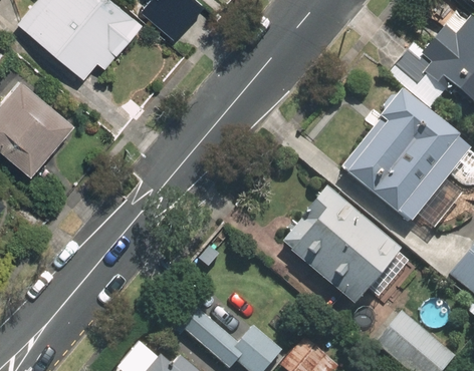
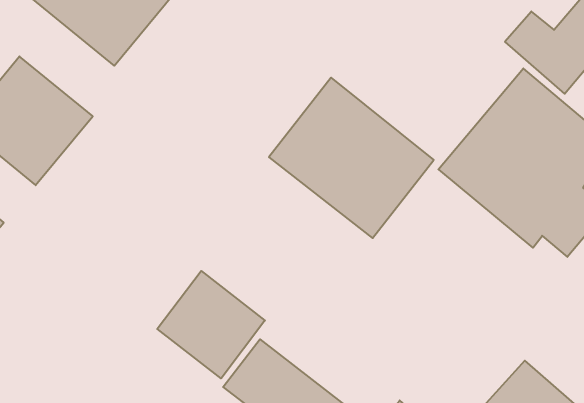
building: [277,186,402,307] -> [269,78,434,238]
building: none -> [157,271,265,378]

